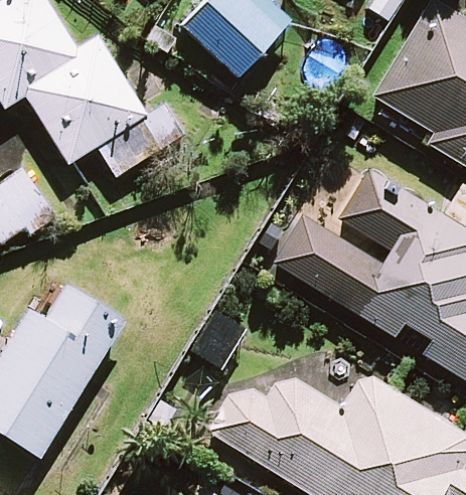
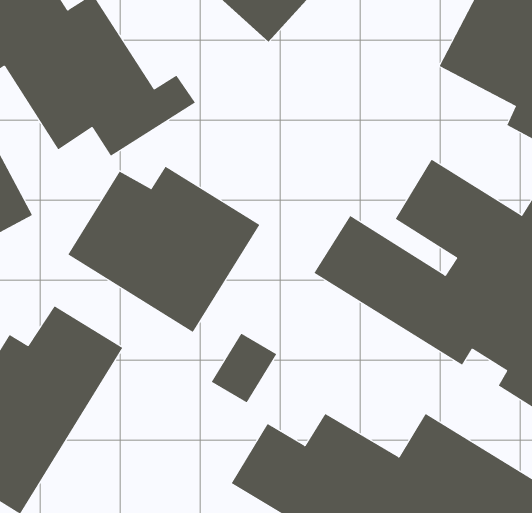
building: none -> [67,166,260,333]

